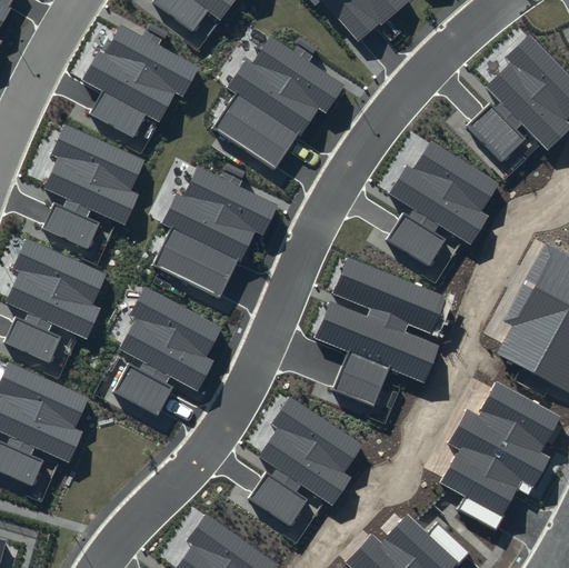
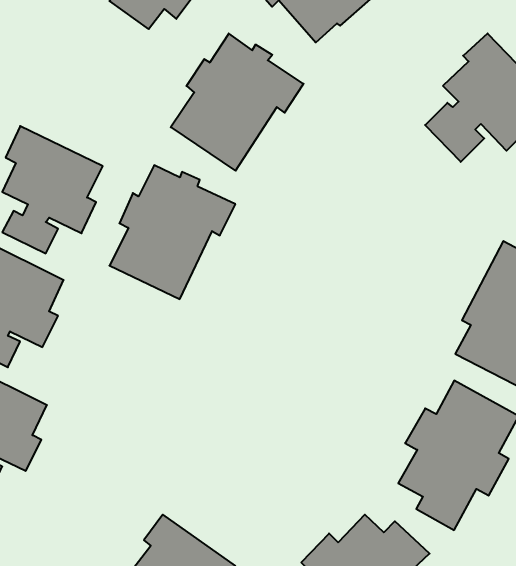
building: [82,22,200,137] -> none
building: [387,140,499,266] -> none
building: [315,257,446,406] -> none
building: [112,286,221,415] -> none
building: [247,397,361,527] -> none

